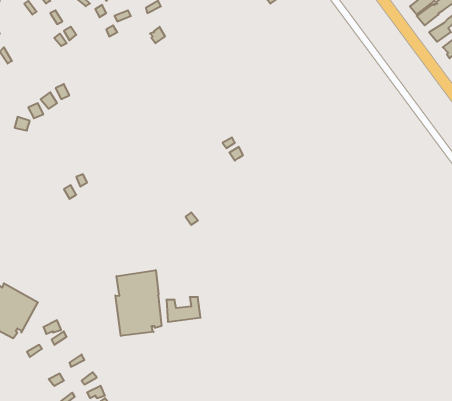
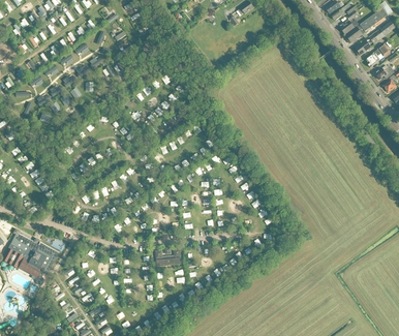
building: [115,270,161,336] -> none

